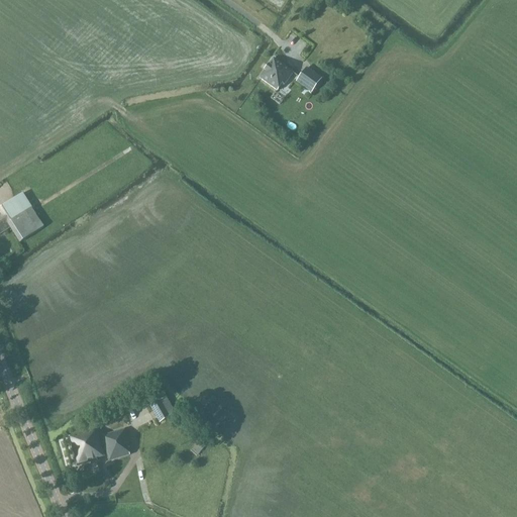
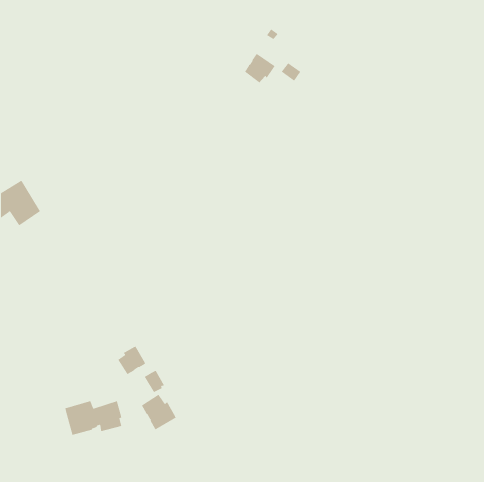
building: none -> [118,345,146,375]
building: none -> [141,394,177,430]

